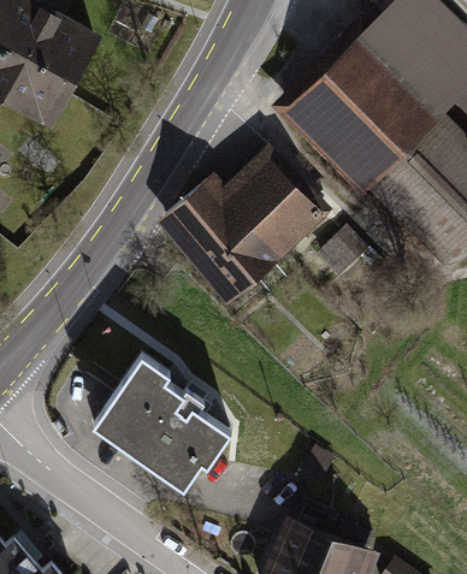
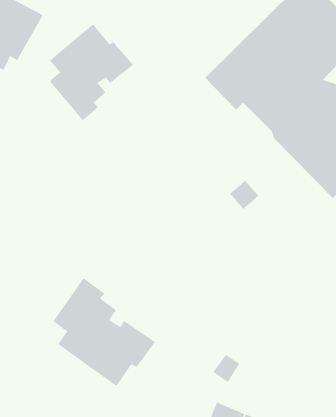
building: none -> [49,23,134,121]
building: [166,160,320,295] -> none

